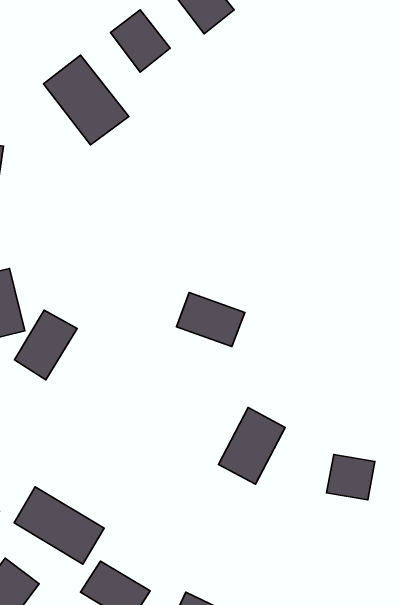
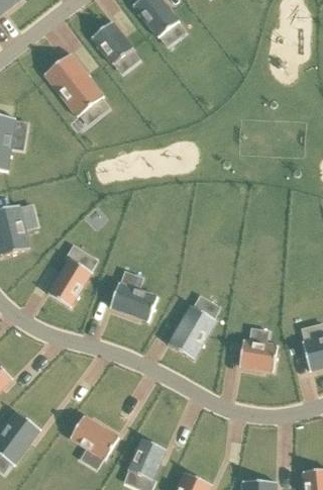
building: [176,293,245,347] -> [108,283,156,321]
building: [14,310,77,380] -> [46,259,91,308]
building: [14,487,104,564] -> none

